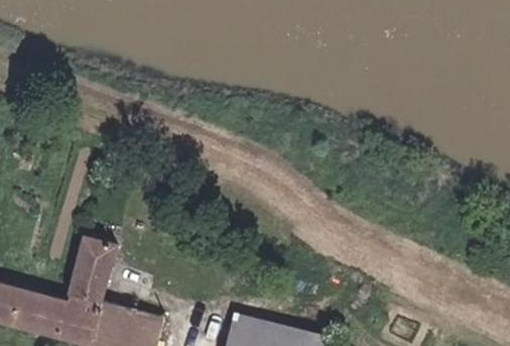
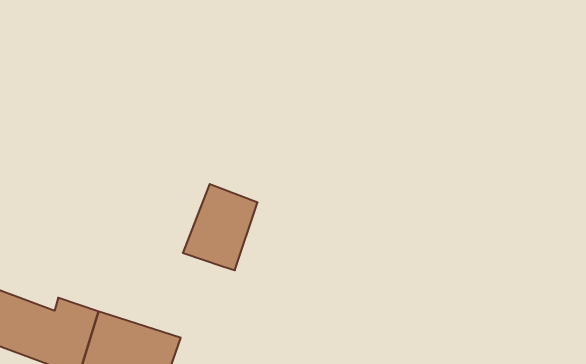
building: [66,230,119,294] -> [183,184,258,270]

